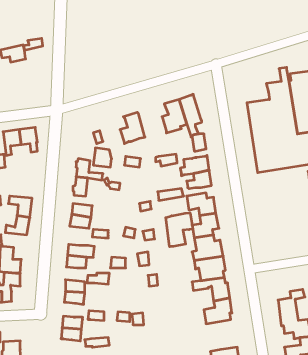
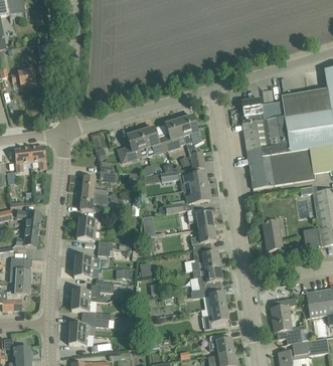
building: none -> [241,99,264,123]
building: none -> [140,127,167,155]
building: none -> [263,220,283,250]
building: [166,213,193,247] -> none
building: none -> [208,332,233,354]

